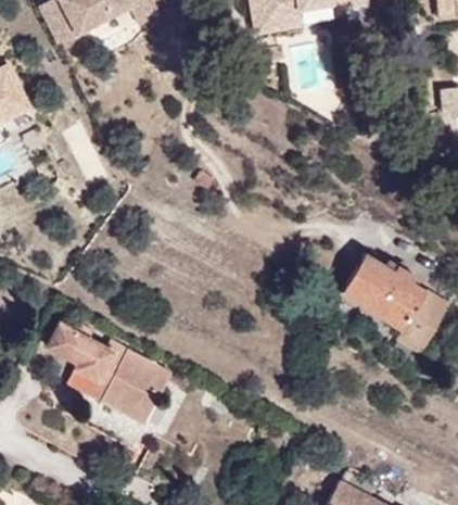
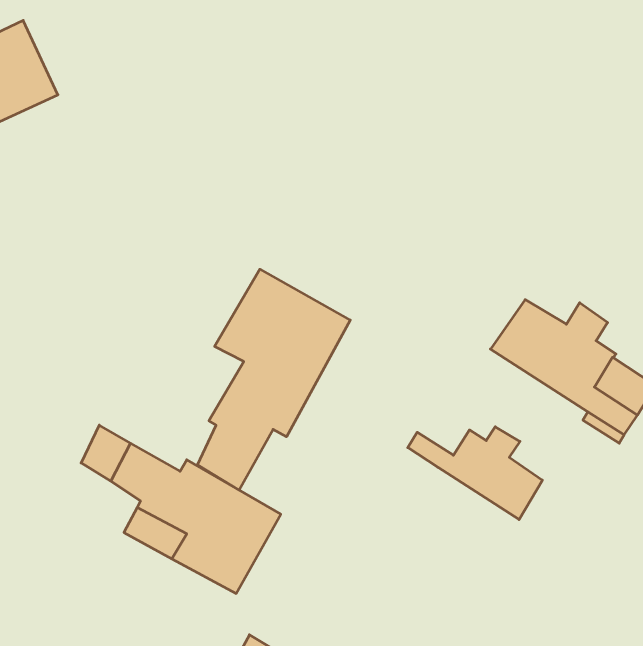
building: none -> [197,269,350,490]
building: none -> [408,427,542,520]

